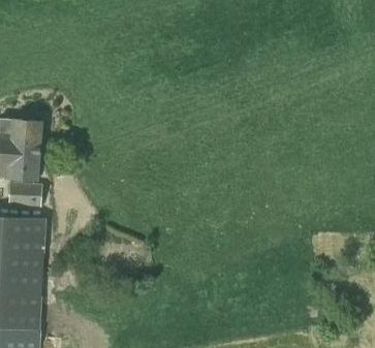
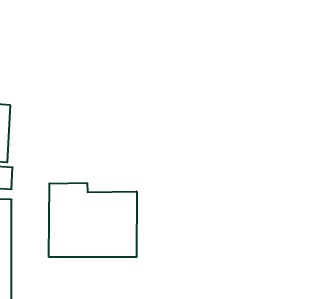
building: none -> [49,183,137,257]

